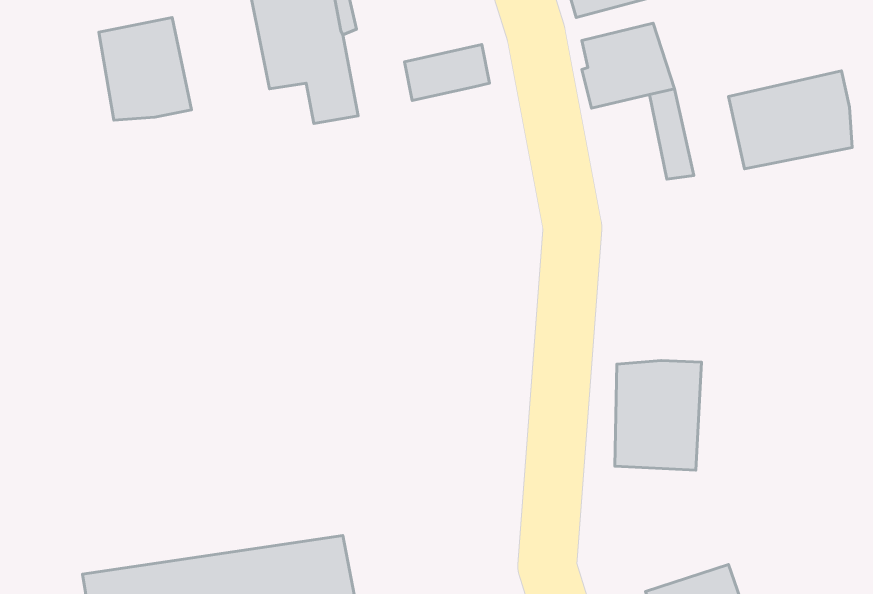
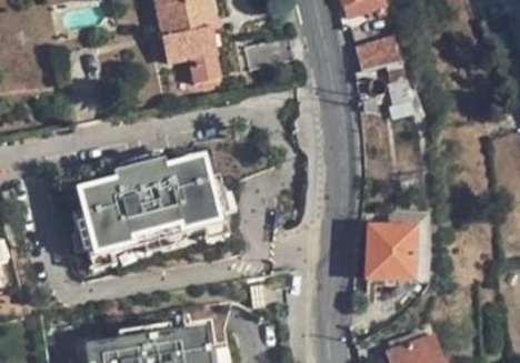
building: [99,17,191,120] -> none
building: [729,71,852,169] -> none
building: none -> [80,151,222,246]

